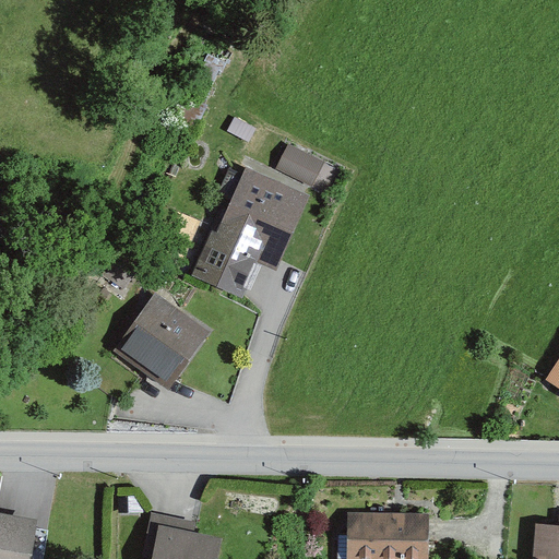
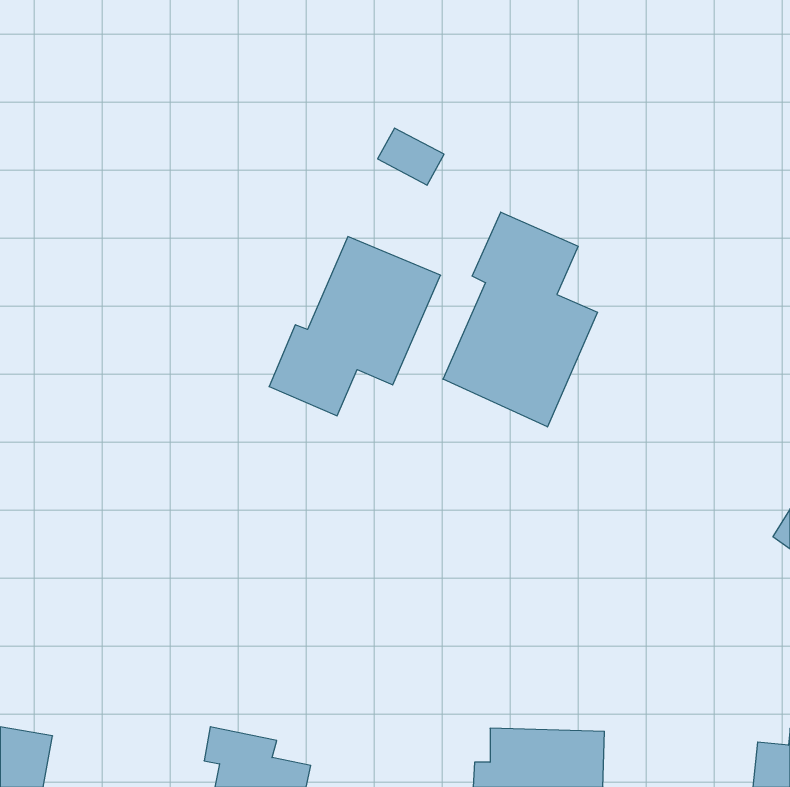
building: [276,145,323,186] -> [378,128,444,185]
building: none -> [443,212,597,427]
building: [114,296,209,392] -> none

